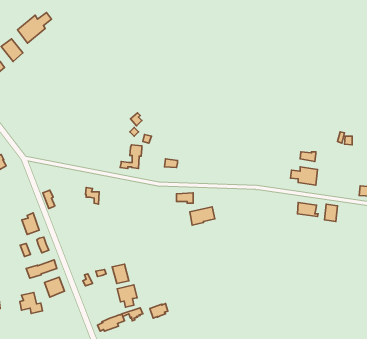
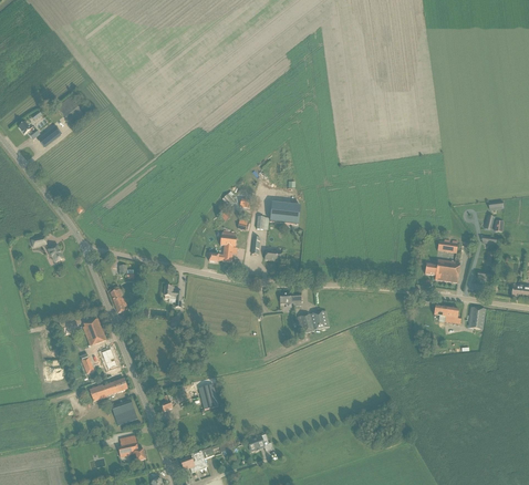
building: [18,12,51,43] -> none
building: none -> [269,202,298,224]
building: [117,285,137,307] -> none
building: [20,293,42,314] -> [116,435,145,462]

